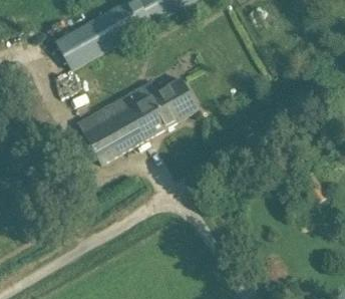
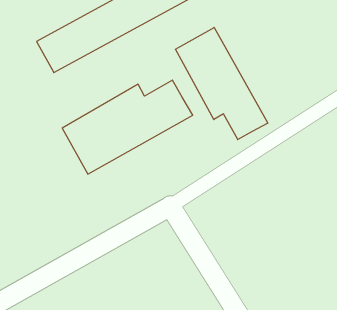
building: none -> [175,27,268,140]

